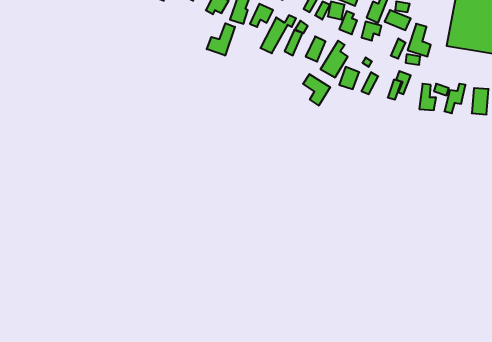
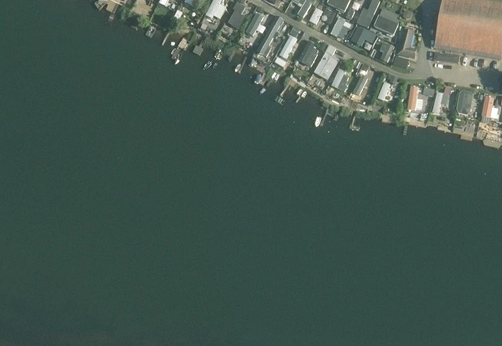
building: [207,23,235,56] -> none
building: [303,74,330,106] -> none

